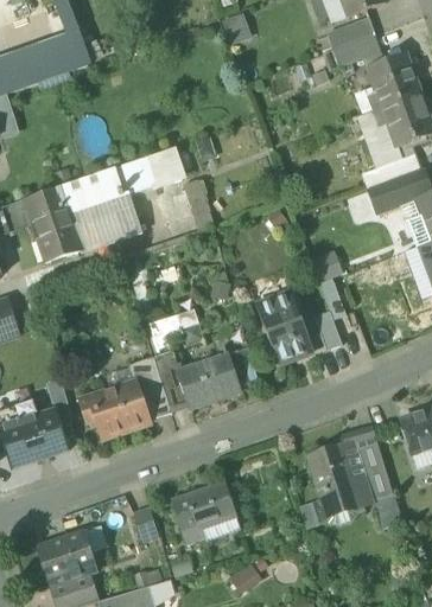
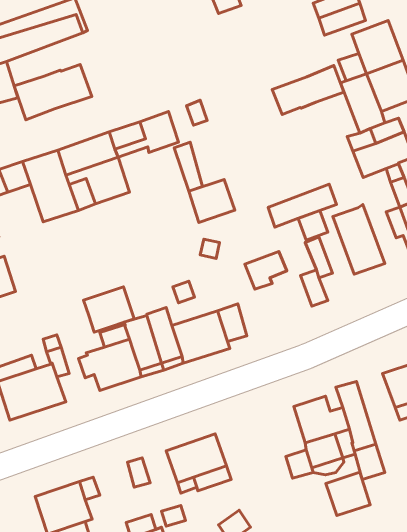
building: none -> [14,65,92,120]
building: none -> [272,66,344,114]
building: none -> [189,180,235,222]
building: none -> [268,184,337,227]
building: none -> [333,205,385,274]
building: [266,312,312,363] -> none
building: none -> [84,287,134,332]
building: none -> [326,472,370,516]

